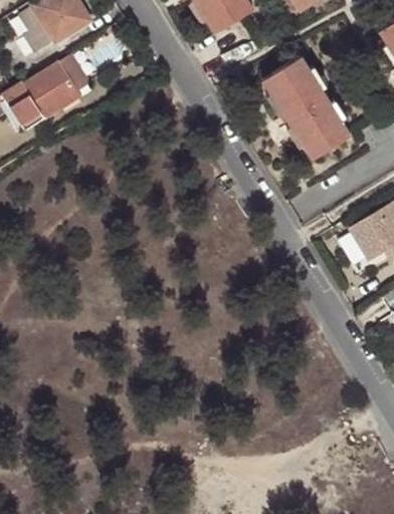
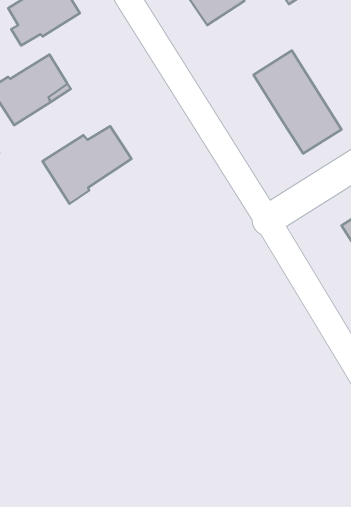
building: none -> [43,126,131,204]

